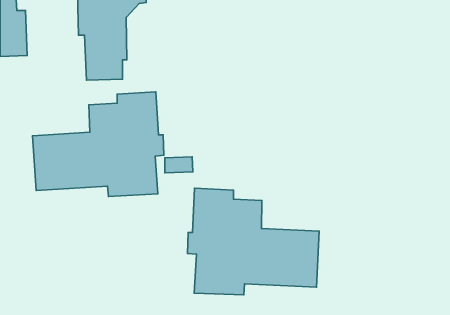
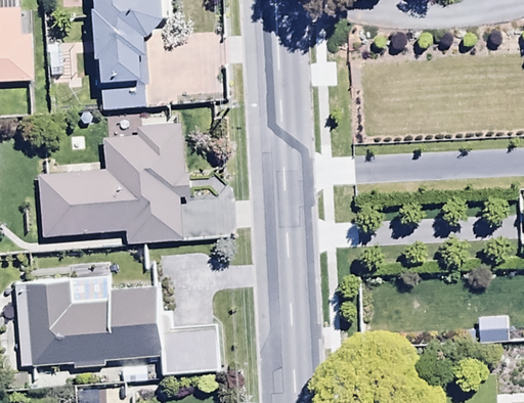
building: [187,188,319,295] -> none
building: none -> [15,275,218,373]

